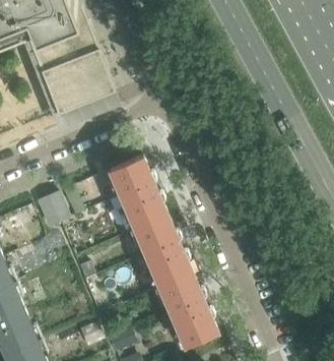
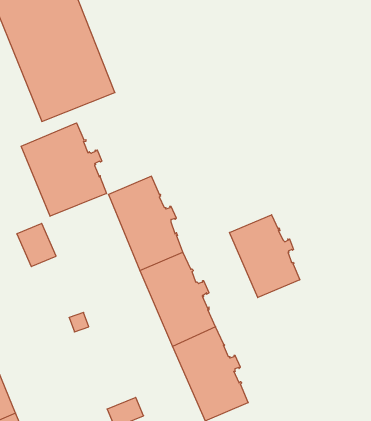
building: none -> [21,123,106,216]
building: none -> [230,215,300,298]

